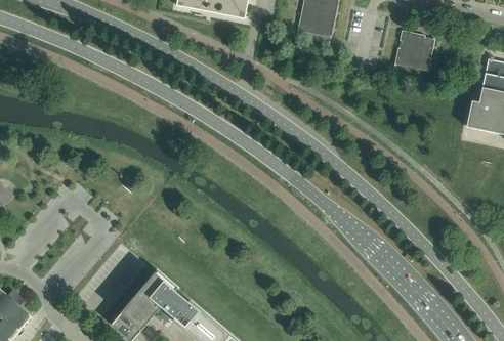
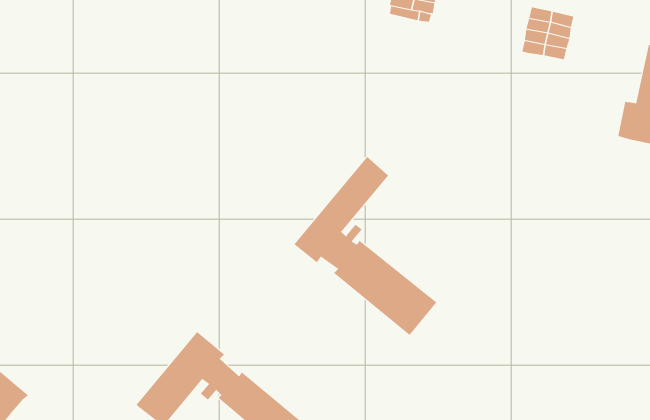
building: none -> [294,156,437,336]

